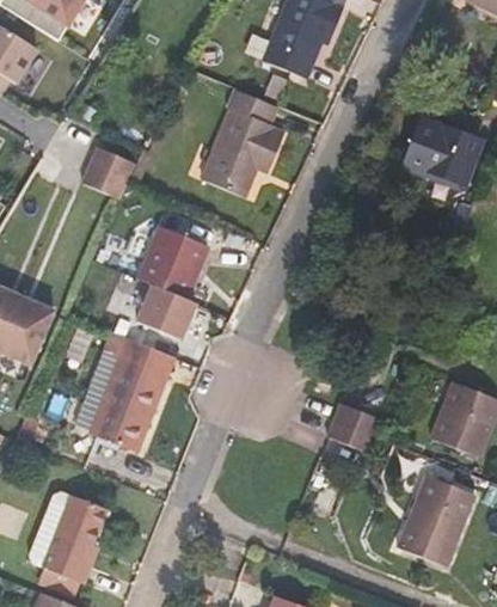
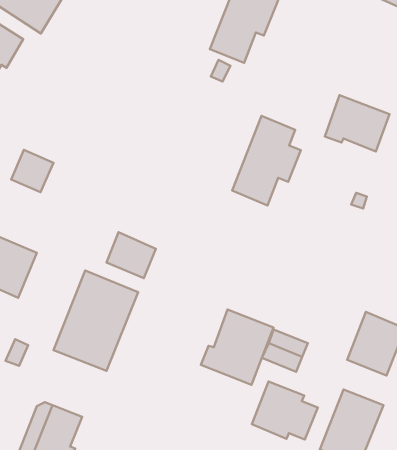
building: [202,88,286,197] -> [232,116,301,205]
building: [84,149,135,201] -> [11,150,53,192]
building: [137,226,209,299] -> none
building: none -> [201,309,273,385]
building: none -> [252,381,318,439]

